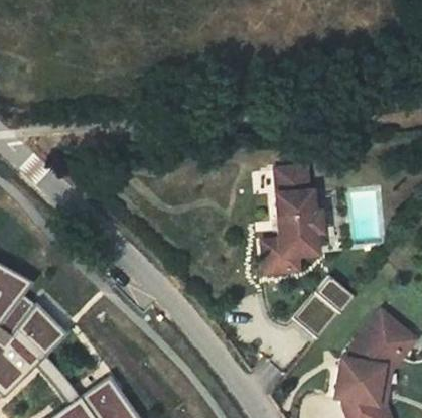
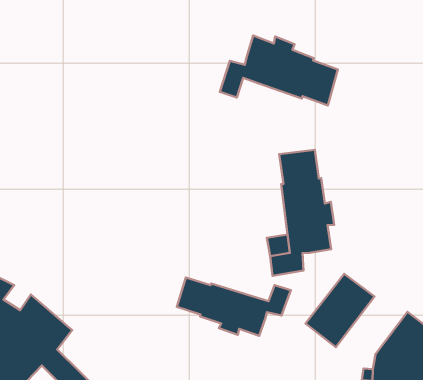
building: none -> [220,36,338,106]
building: none -> [177,277,291,336]

